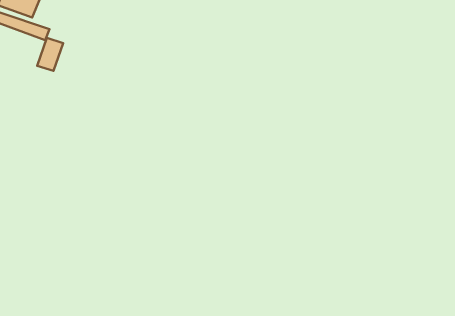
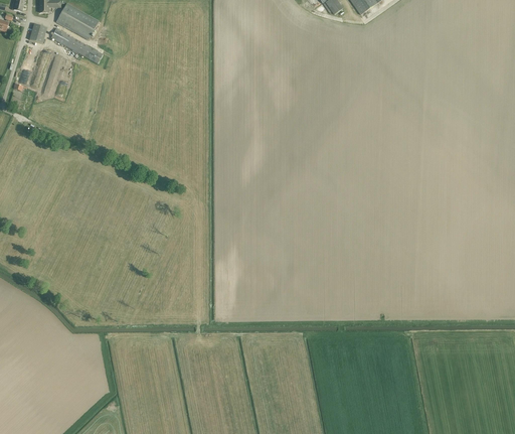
building: [37,38,63,71] -> none

